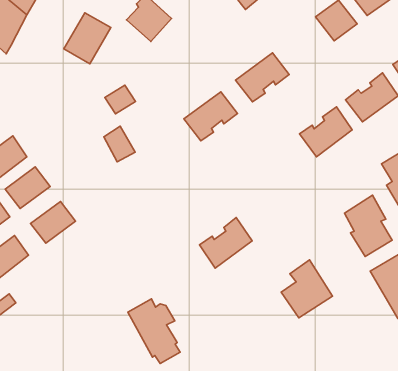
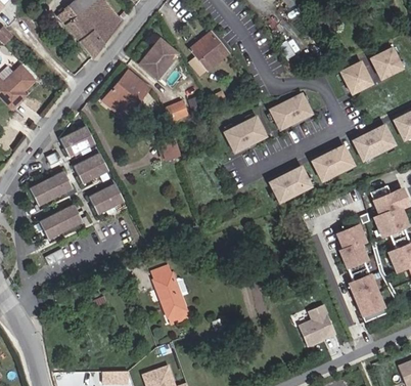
building: none -> [105,69,150,114]
building: [199,218,252,268] -> [269,168,311,205]
building: [281,260,333,318] -> [299,302,338,346]

